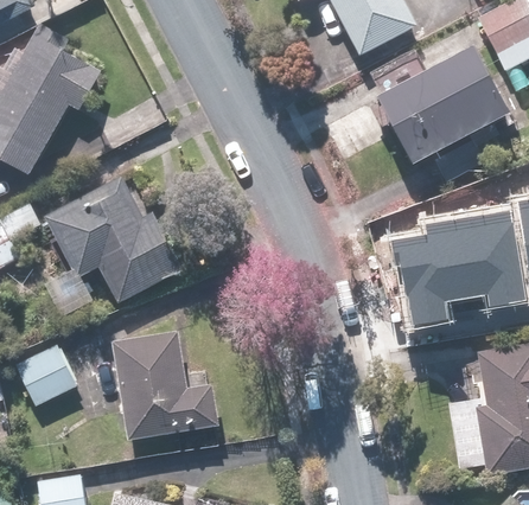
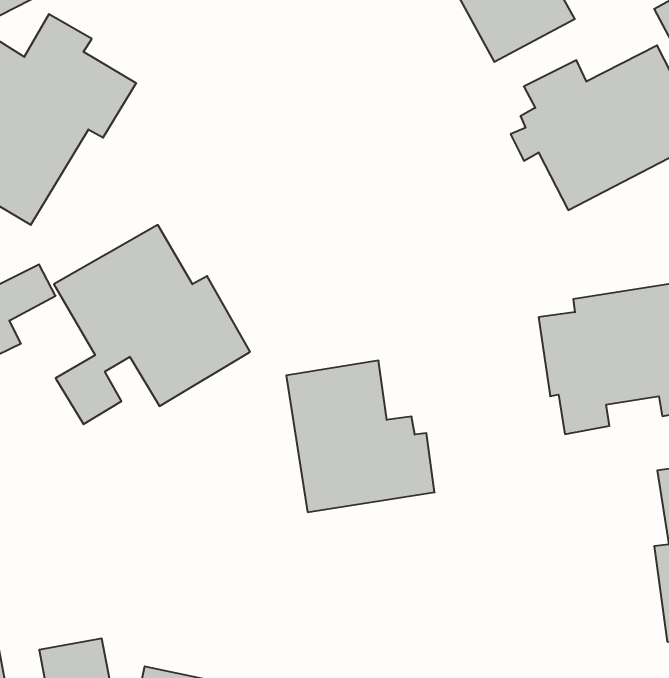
building: [113,332,219,441] -> [286,361,435,512]
building: [12,345,77,409] -> none

